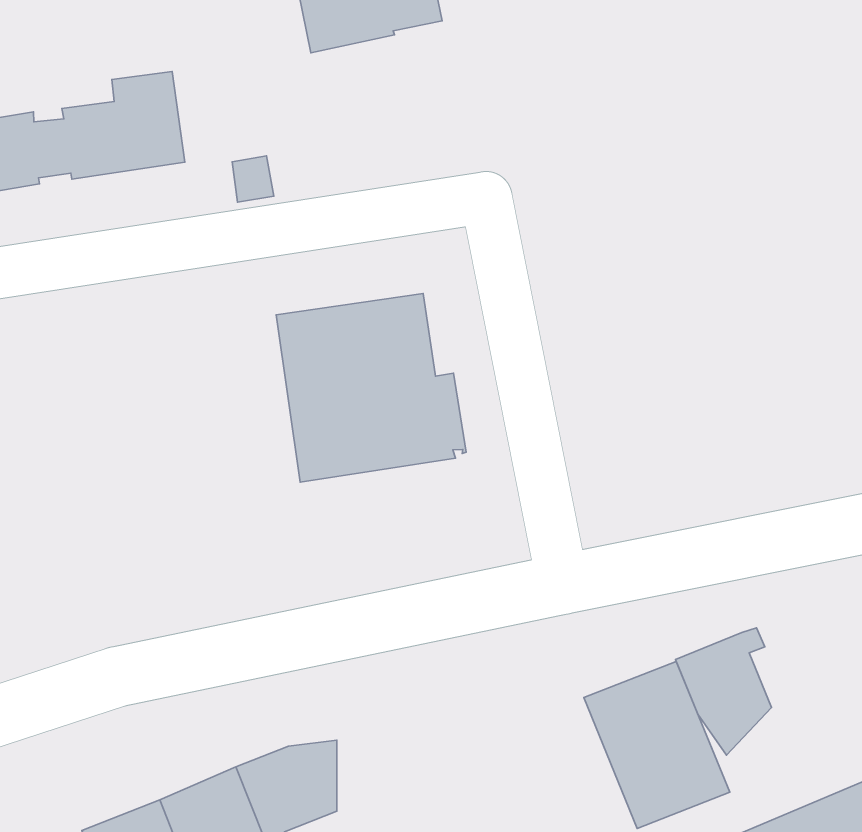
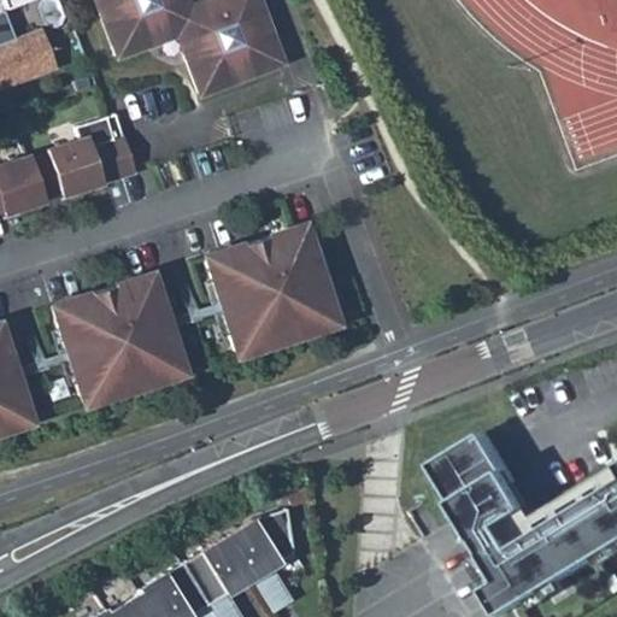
building: none -> [52,275,183,404]
building: [675,628,772,755] -> none

